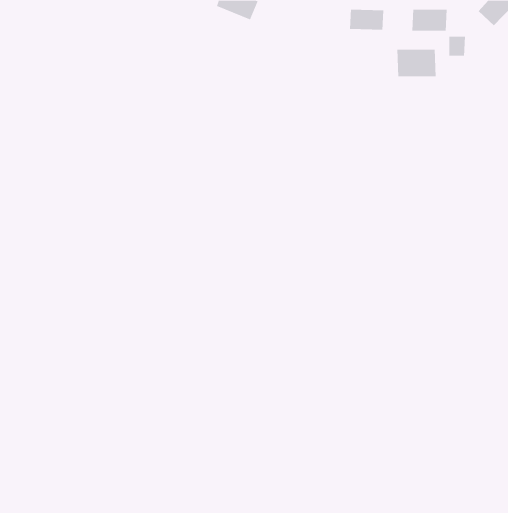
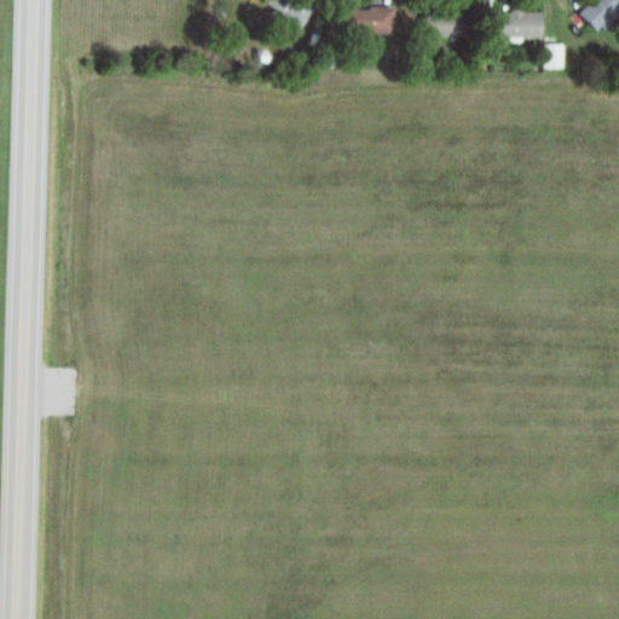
building: none -> [345,8,398,40]
building: [397,49,436,77] -> none

